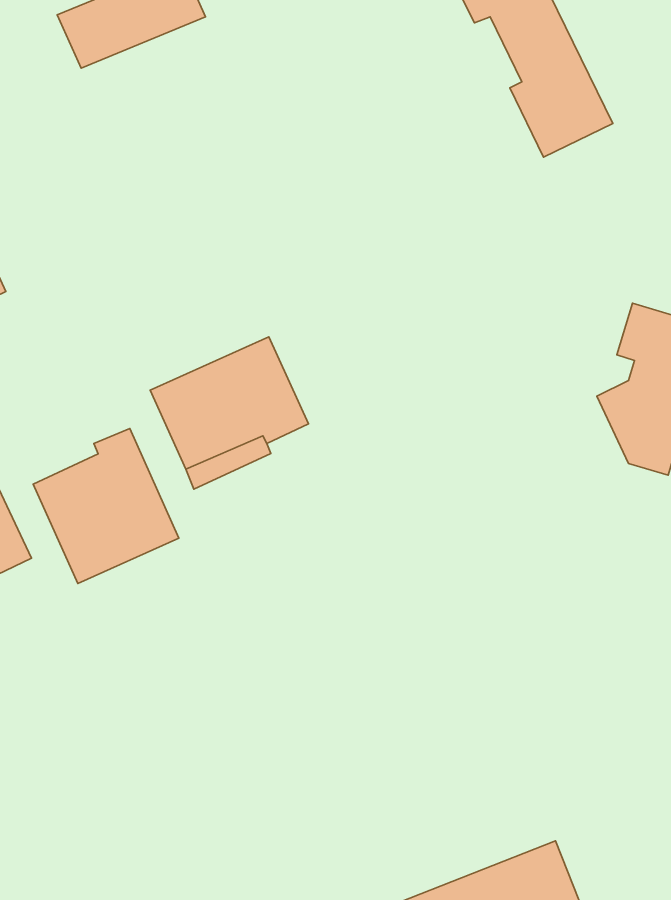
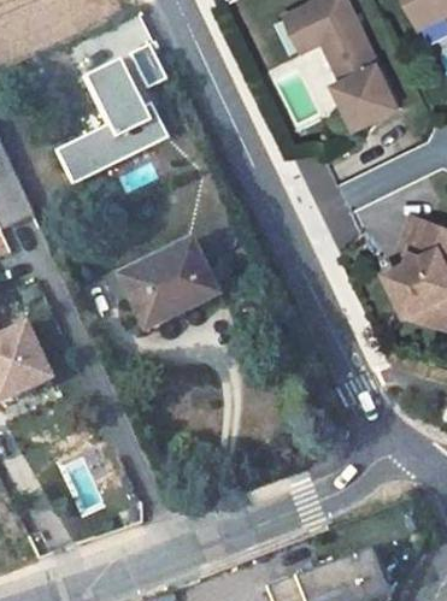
building: none -> [54,47,169,183]
building: [33,429,179,584] -> none

